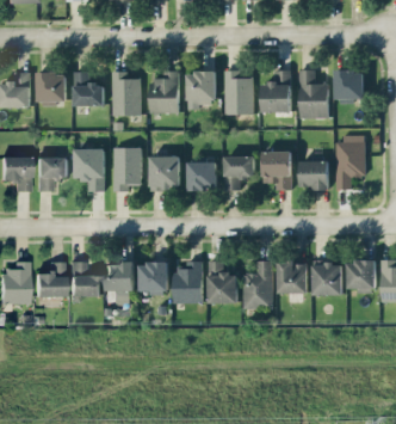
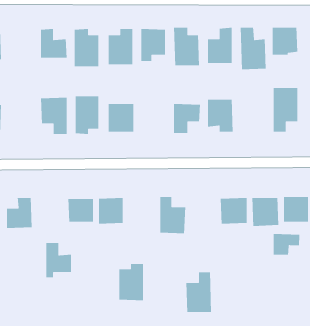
building: [37,72,67,103] -> none
building: [37,156,68,191] -> none
building: [301,160,329,188] -> none
building: [187,161,216,189] -> none
building: [174,260,203,303] -> [118,263,144,301]
building: [243,260,273,307] -> [185,272,212,313]
building: [70,262,100,302] -> [46,242,72,278]
building: none -> [273,233,300,255]

